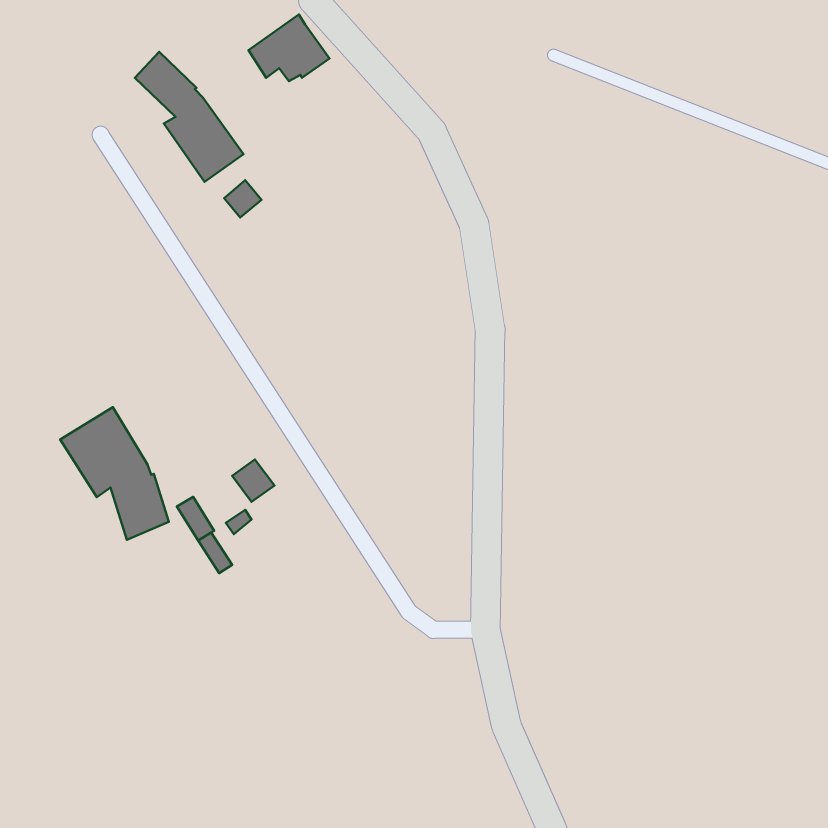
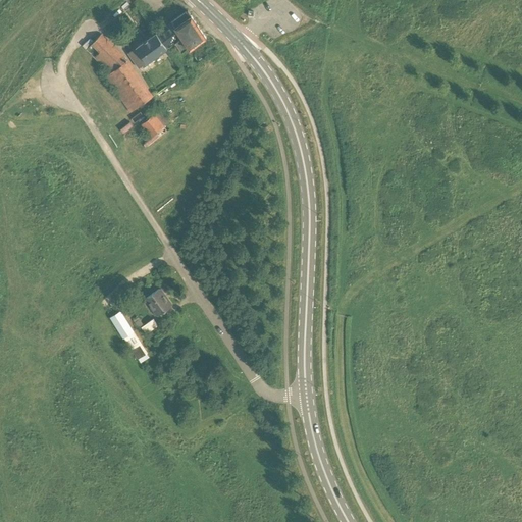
building: none -> [128,32,168,69]
building: [60,407,169,540] -> none

